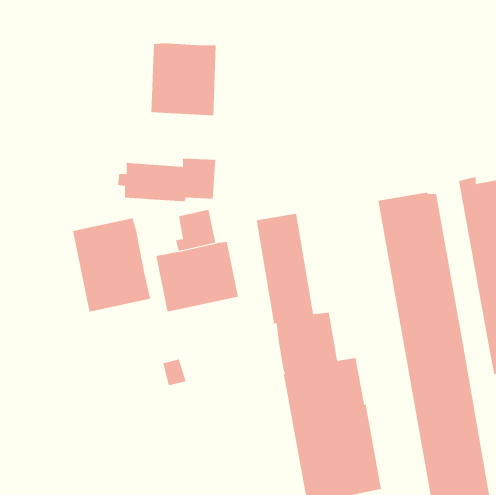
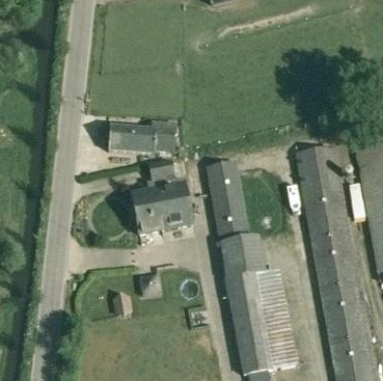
building: [151,43,216,116] -> none
building: [72,217,151,313] -> none

